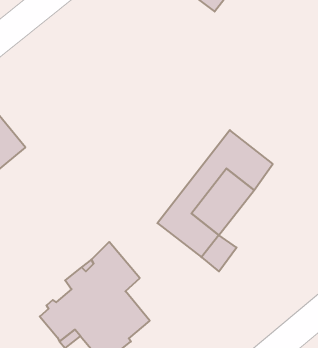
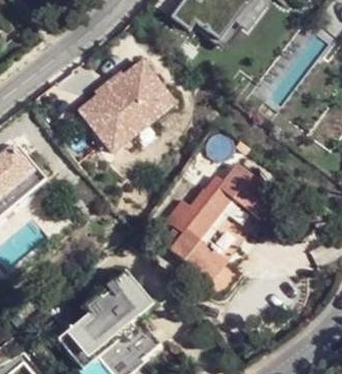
building: none -> [66,53,185,166]

